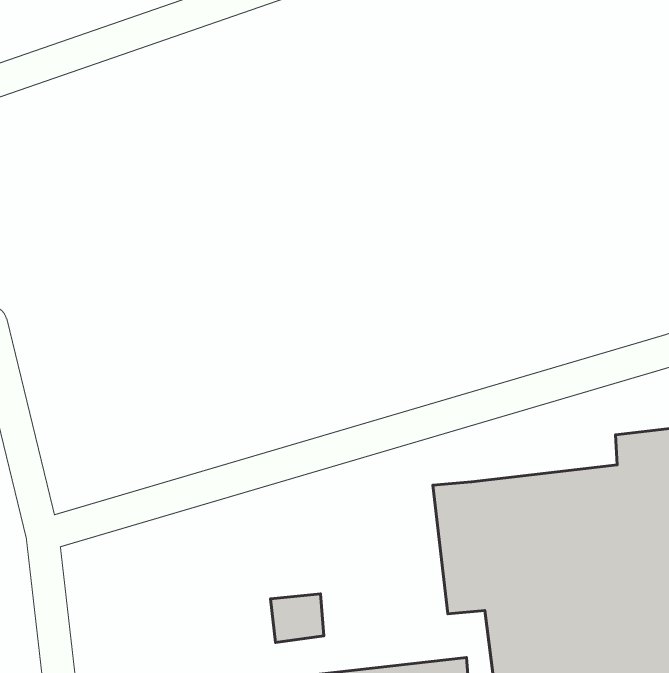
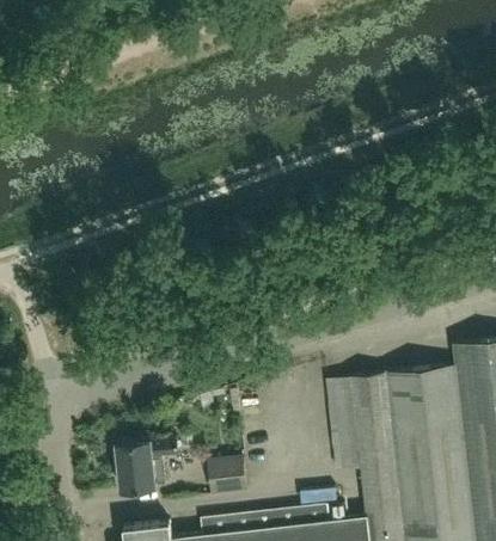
building: none -> [114,438,177,492]

